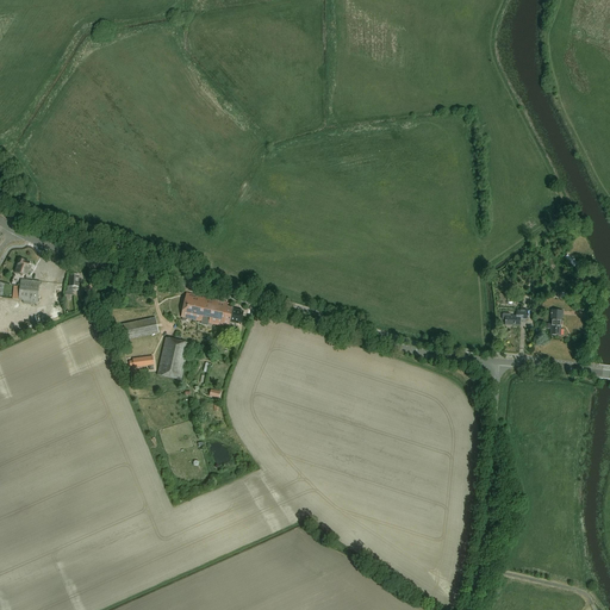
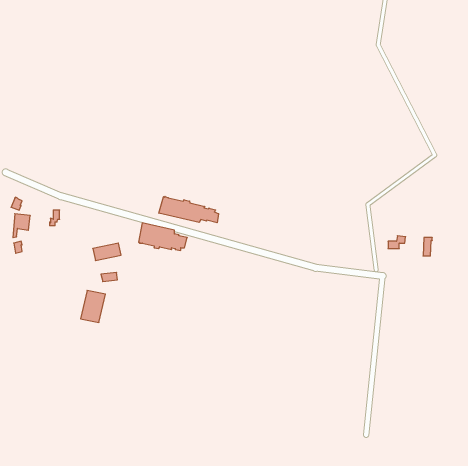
building: none -> [159,196,219,223]
building: [156,336,188,378] -> [81,290,105,322]

